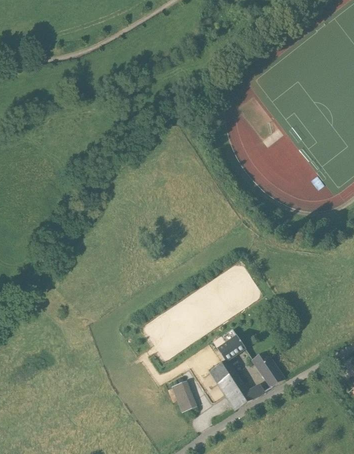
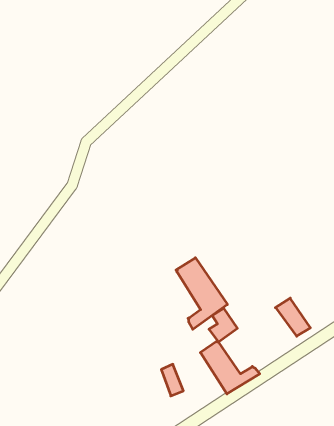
building: none -> [176,258,227,329]
building: [251,350,284,386] -> [275,298,310,336]

